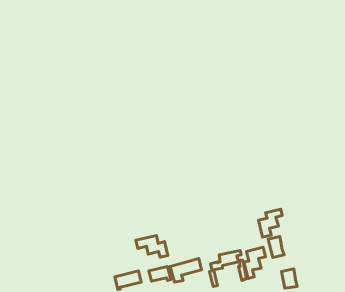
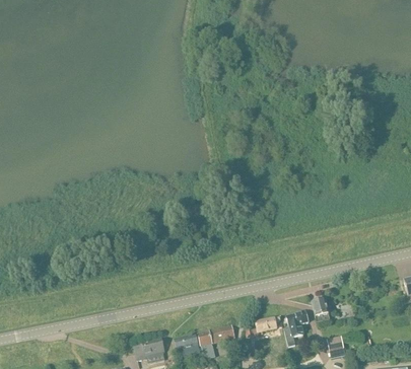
building: [258,209,282,237] -> none
building: [136,235,168,257] -> none

